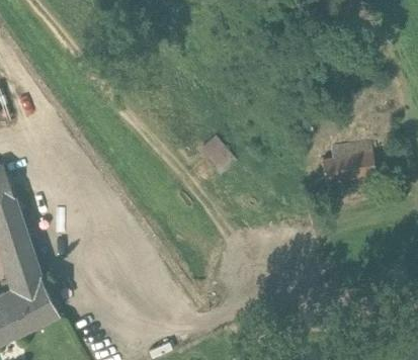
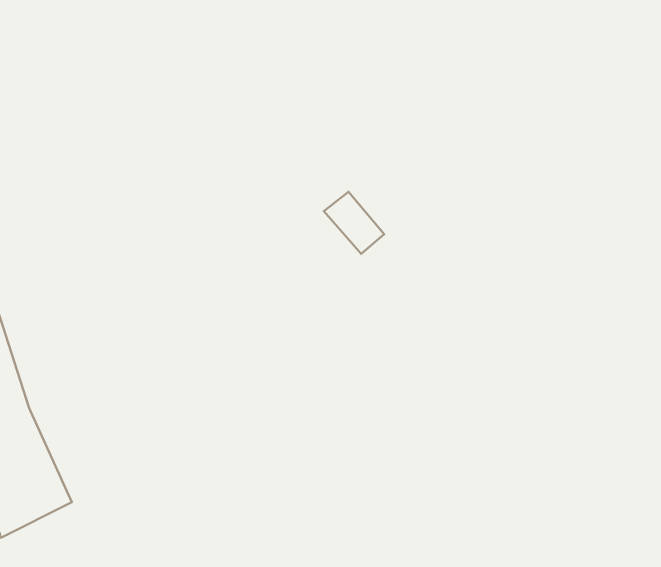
building: [321,142,374,179] -> none

